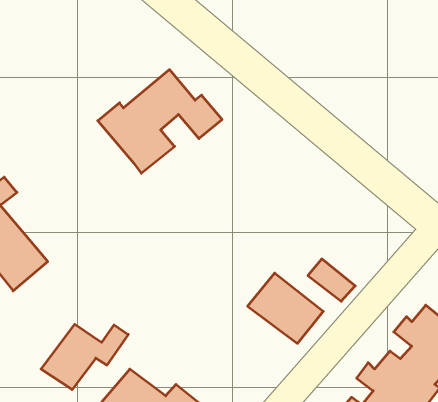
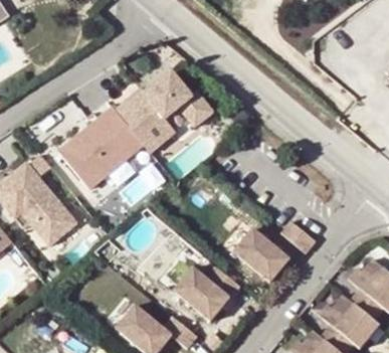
building: none -> [58,108,142,189]
building: none -> [173,268,242,324]
building: [41,324,128,390] -> none

